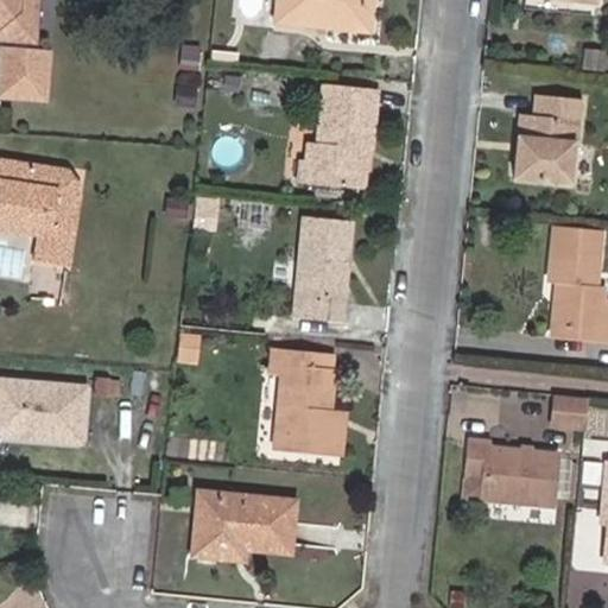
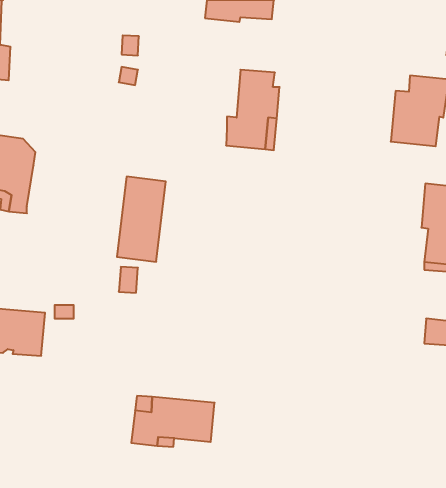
building: [293,215,354,321] -> [117,177,166,262]
building: [273,347,336,451] -> none
building: [467,443,556,509] -> none

